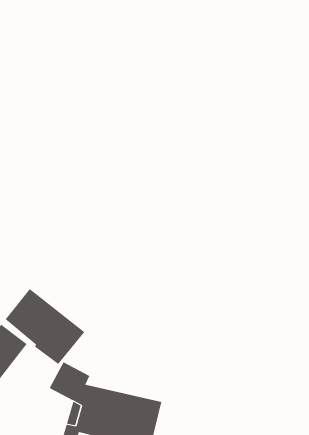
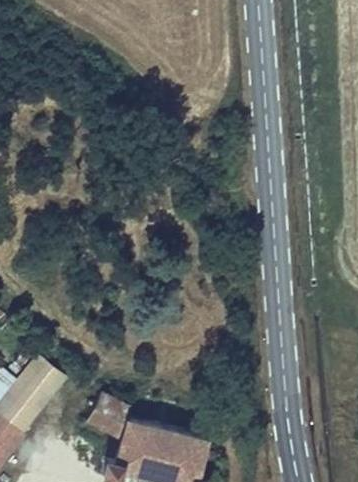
building: [5,288,85,365] -> none

